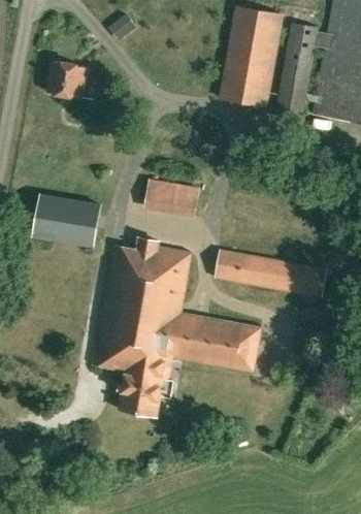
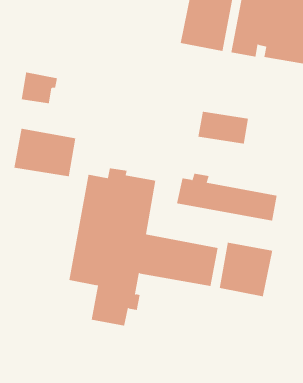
building: [47,61,89,97] -> [21,72,58,104]
building: [150,180,207,217] -> [197,111,249,144]
building: none -> [219,242,273,297]

